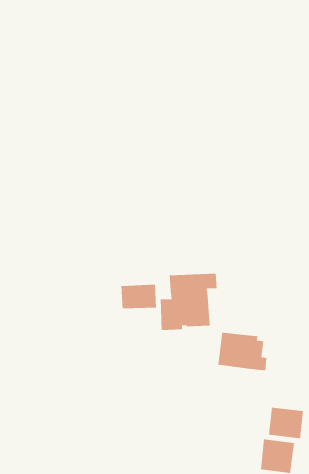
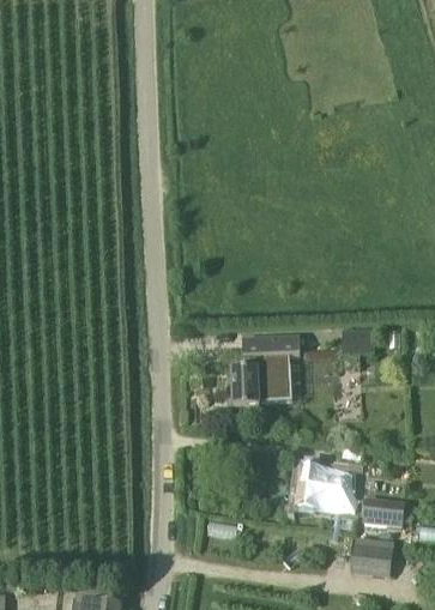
building: [121,284,156,309] -> none
building: [218,332,267,371] -> [296,465,356,512]

